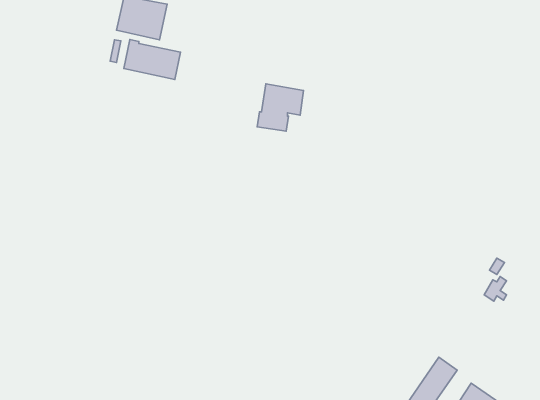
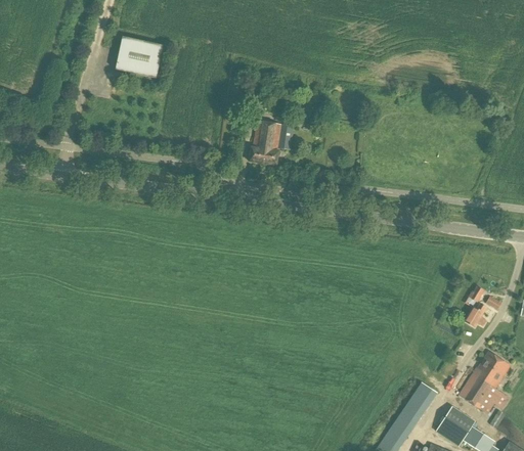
building: [124,39,181,79] -> none
building: none -> [458,352,510,414]

